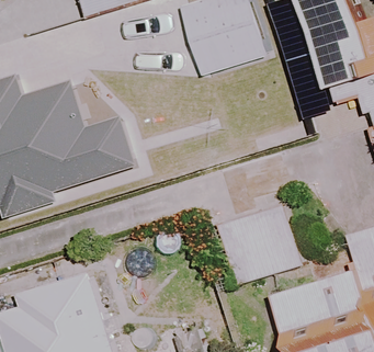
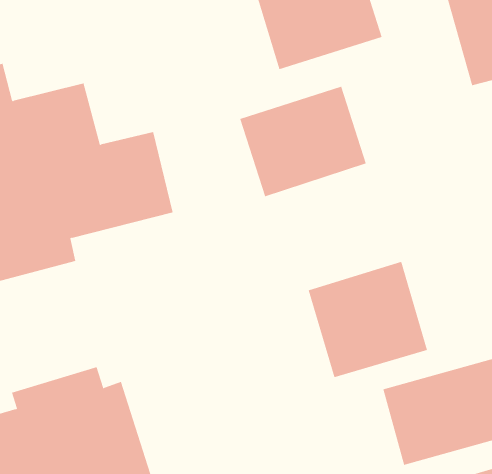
building: none -> [239,86,366,197]

